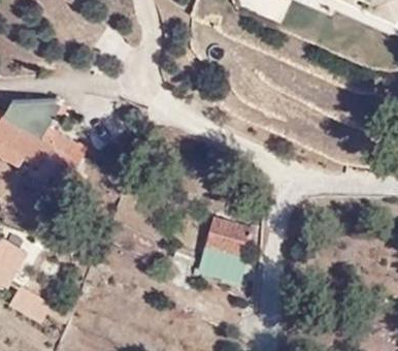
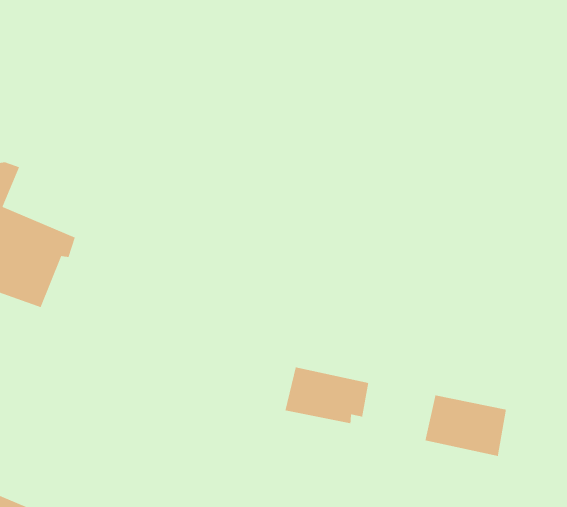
building: [204,213,254,253] -> [424,395,507,457]

